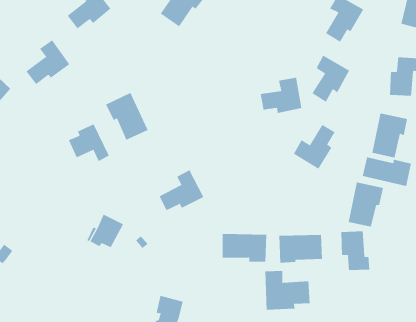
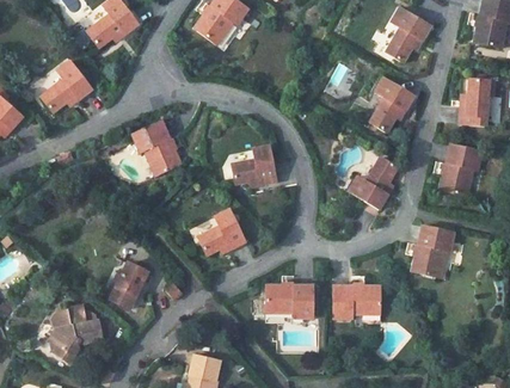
building: [260,77,302,113] -> [229,144,278,186]
building: [68,123,109,162] -> none
building: [362,157,412,187] -> none
building: [341,231,370,271] -> none
building: none -> [50,304,104,362]
building: [265,270,310,311] -> none

